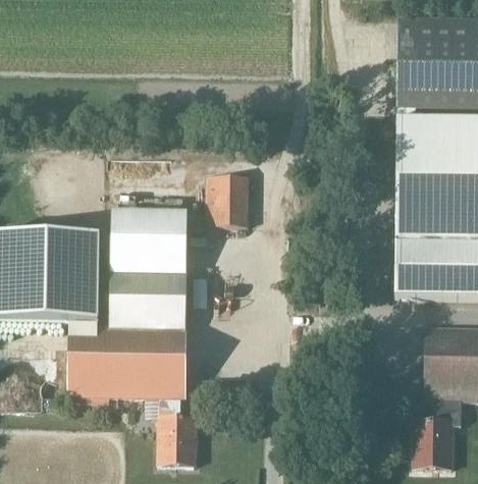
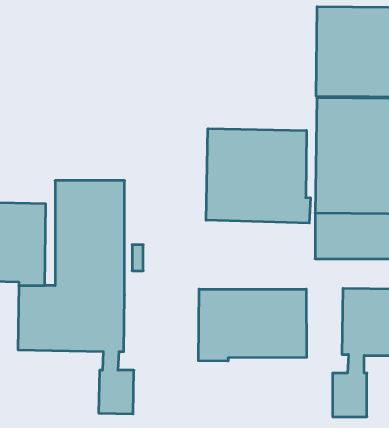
building: none -> [206,129,310,223]
building: [205,174,249,225] -> none
building: none -> [198,289,307,361]

